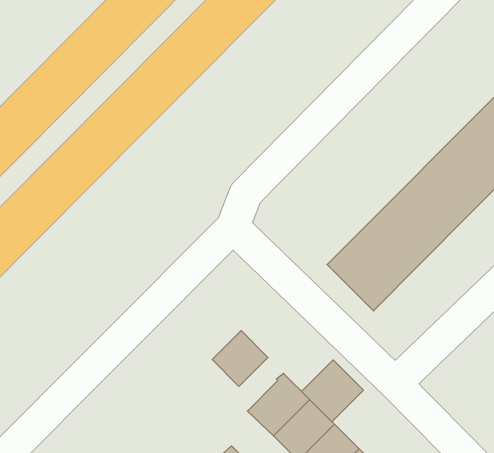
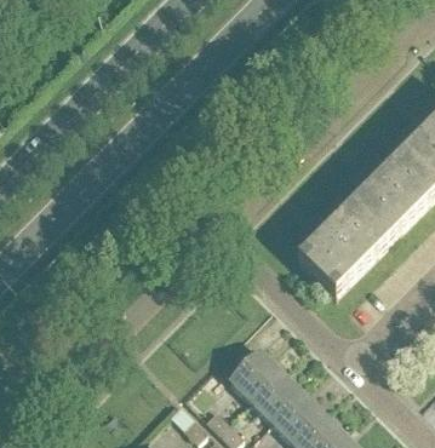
building: [212,331,268,386] -> none
building: [302,360,363,422] -> none

